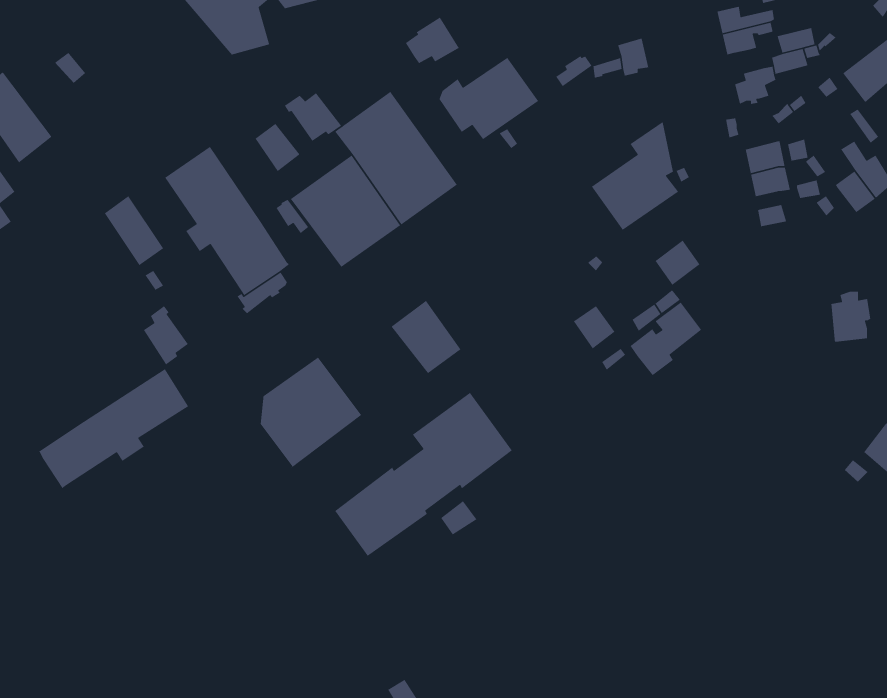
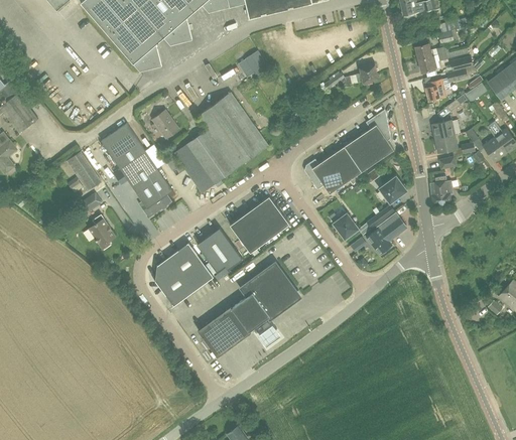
building: [438,57,539,140] -> [304,146,362,193]
building: [284,92,342,142] -> none
building: none -> [250,196,290,239]
building: [831,291,871,342] -> [429,176,453,205]
building: none -> [197,228,242,272]
building: [38,368,189,489] -> none

